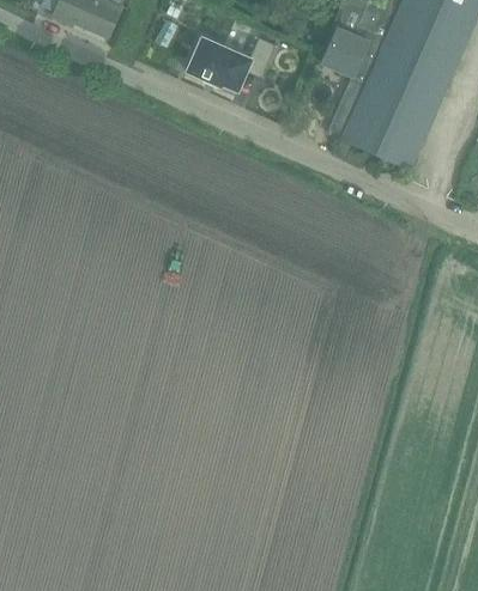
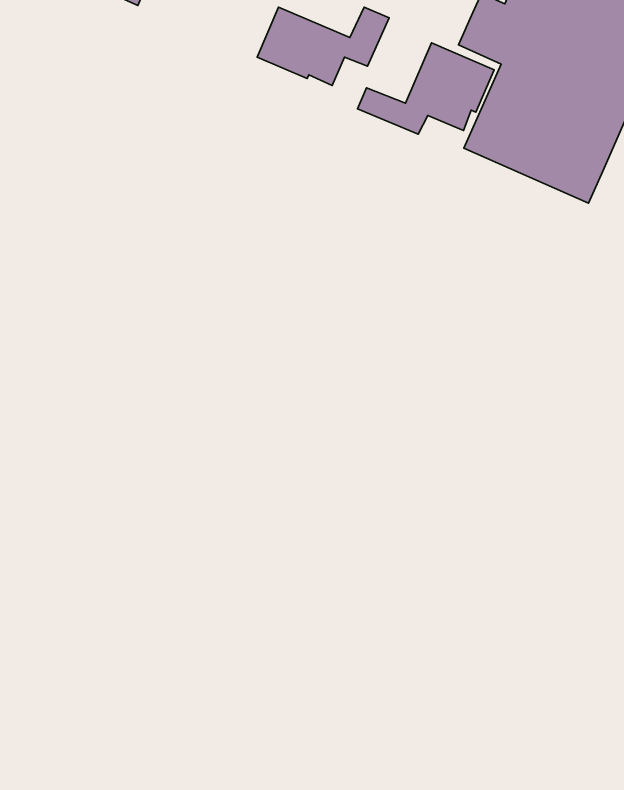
building: none -> [358,43,494,134]

